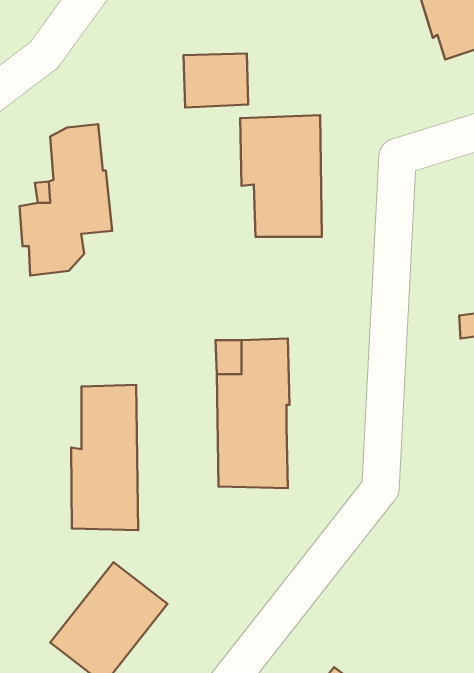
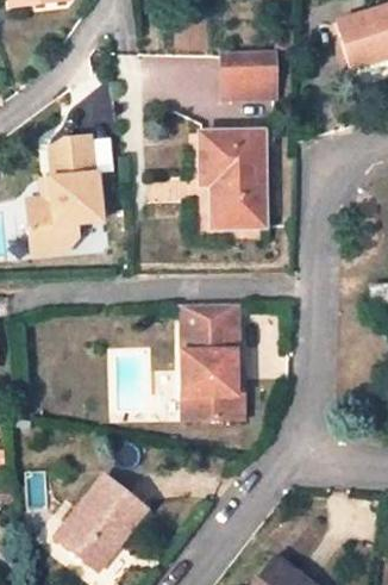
building: [184,54,248,108] -> [225,54,275,95]
building: [71,385,138,530] -> none

